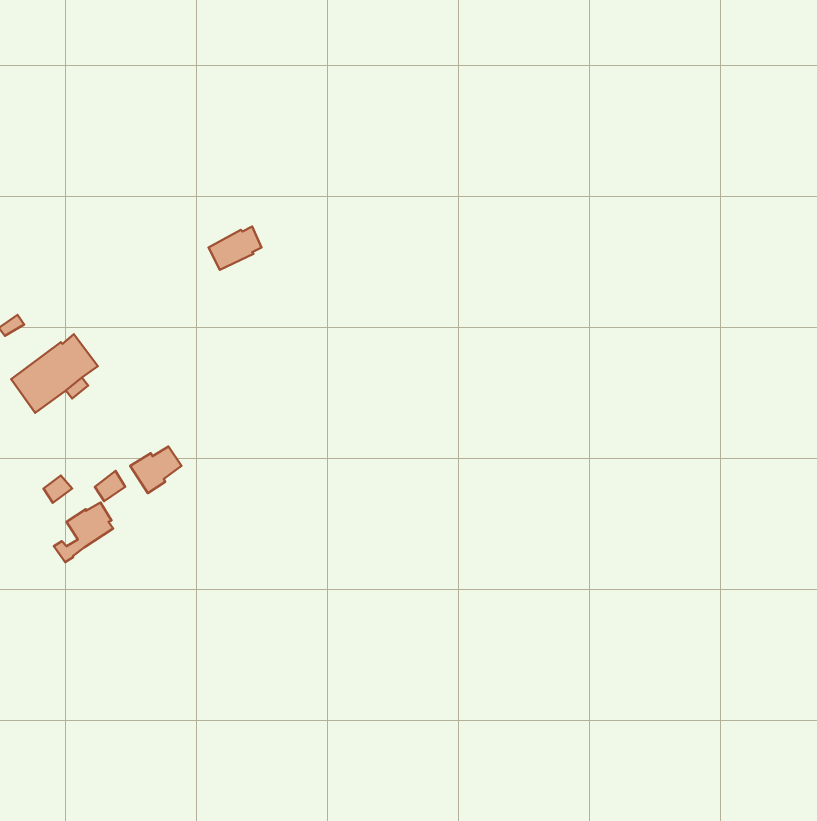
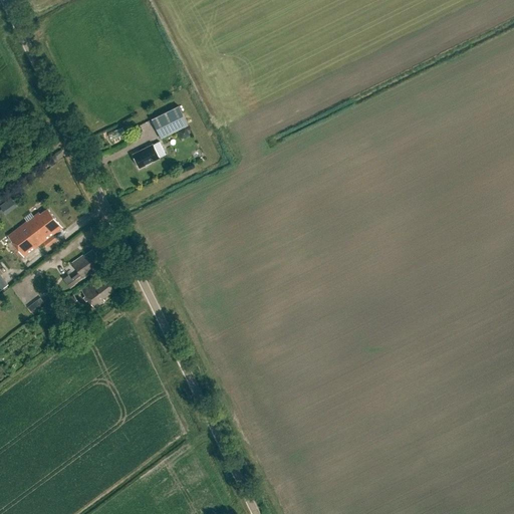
building: none -> [150,106,186,138]
building: [54,503,113,562] -> [62,251,99,288]

